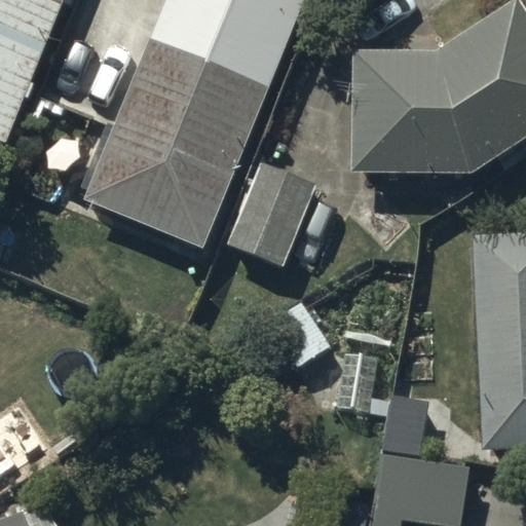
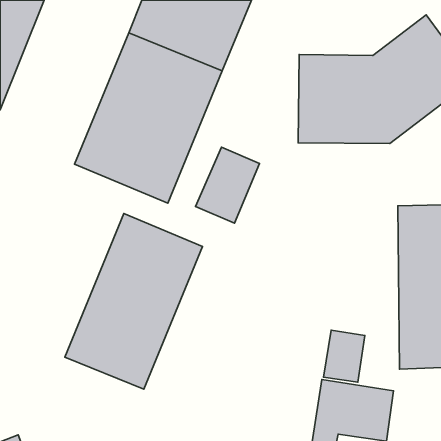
building: none -> [65,214,202,389]

